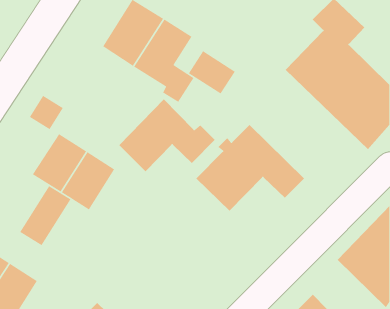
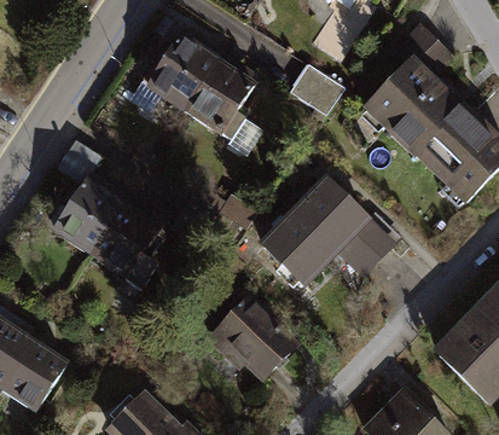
building: [188,50,236,95] -> [286,60,344,114]
building: [118,99,215,172] -> none
building: [19,185,72,246] -> none
building: none -> [208,296,294,375]

